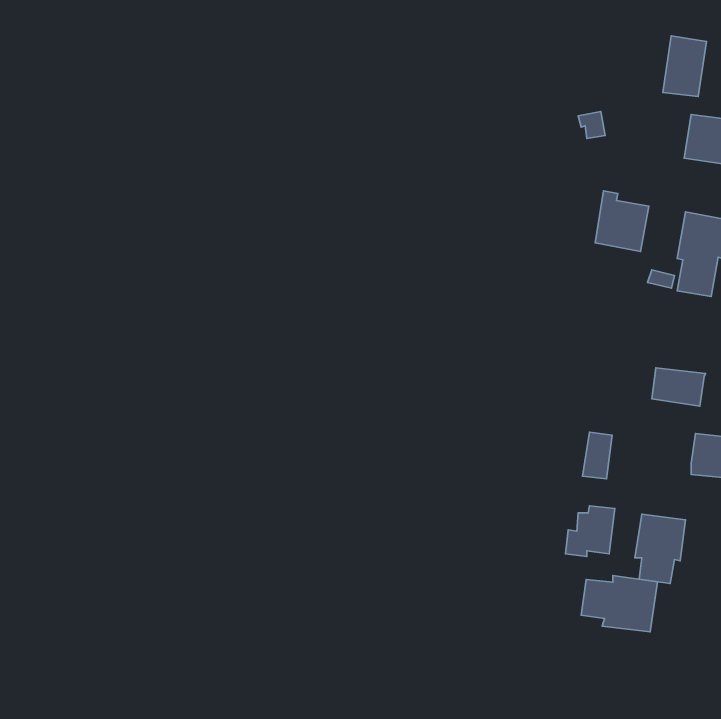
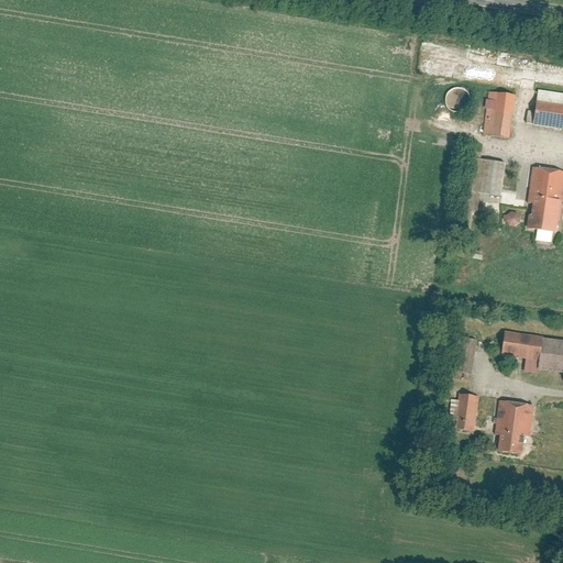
building: [663,36,707,97] -> [482,89,516,136]
building: [652,368,705,406] -> [501,331,543,361]
building: [581,576,658,632] -> none

